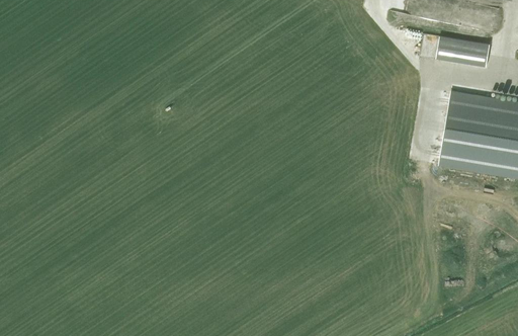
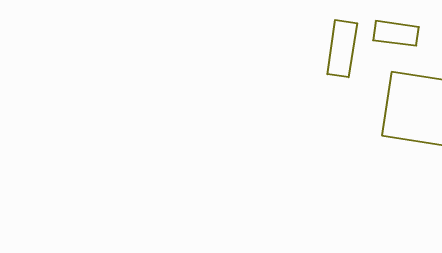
building: none -> [327,20,357,77]

